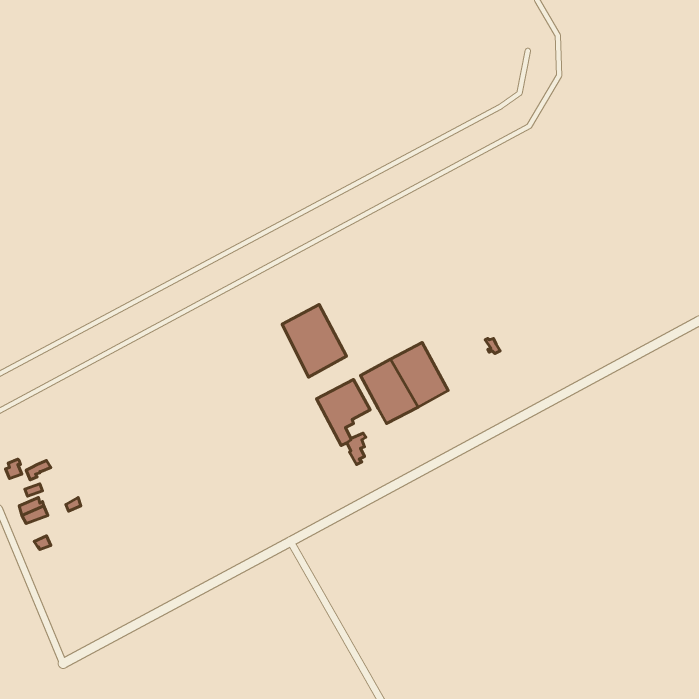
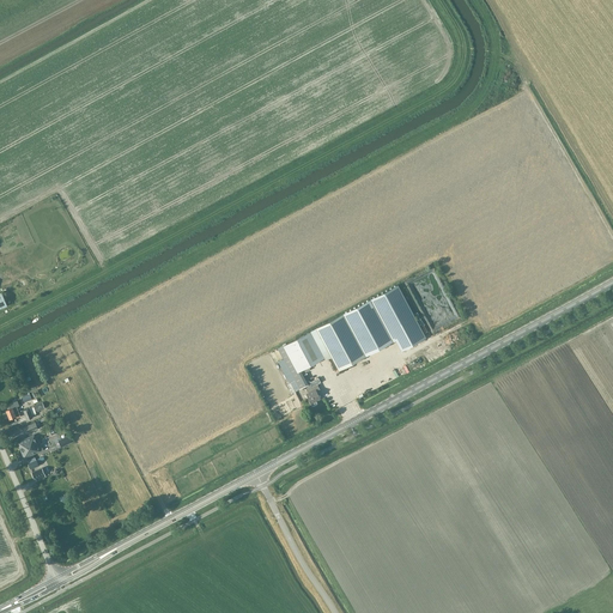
building: [282,305,347,377] -> none
building: none -> [369,285,425,353]

